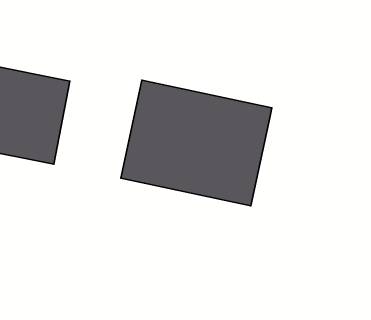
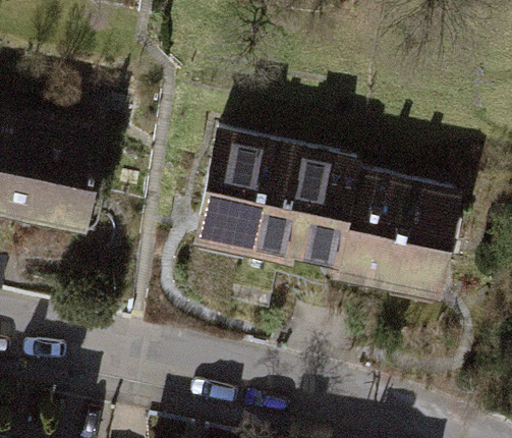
building: none -> [338,168,470,310]

